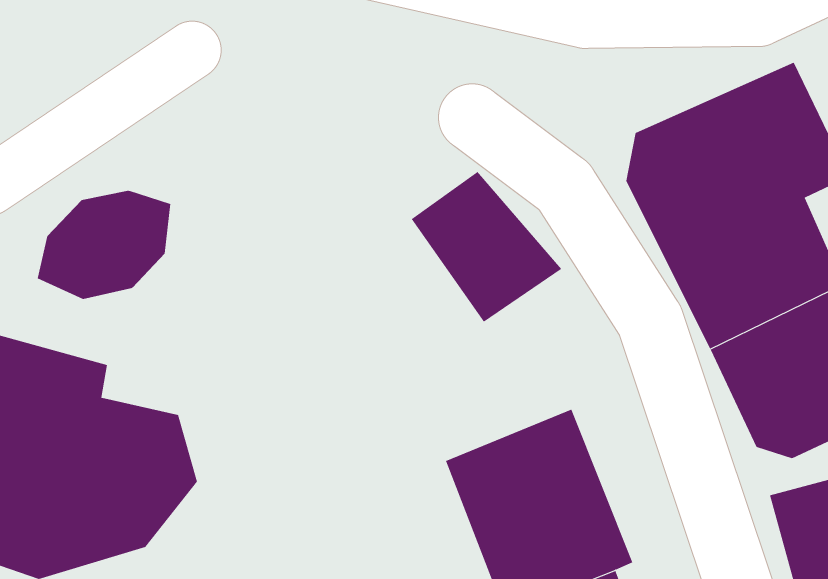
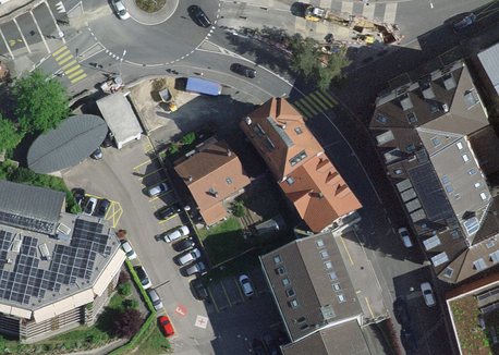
building: none -> [95,87,145,145]
building: none -> [180,131,272,222]
building: none -> [281,157,362,237]

